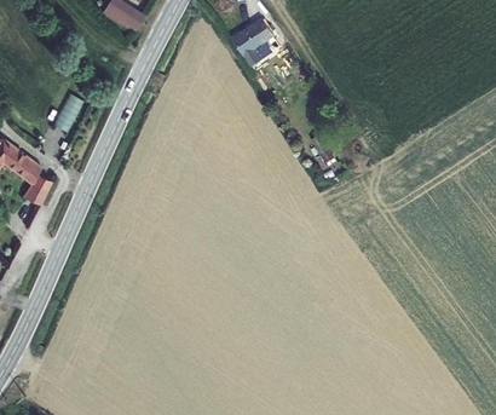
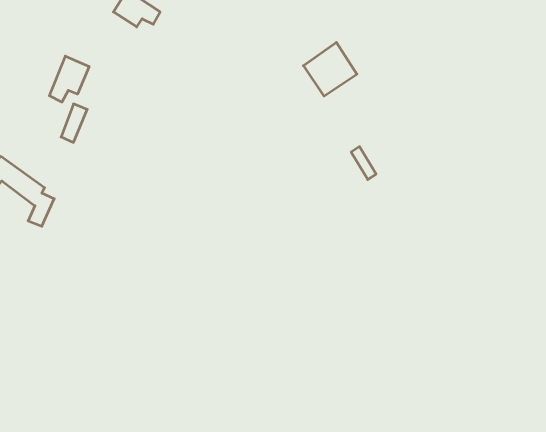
building: [233,18,281,65] -> [303,42,357,96]
building: none -> [49,56,89,102]

